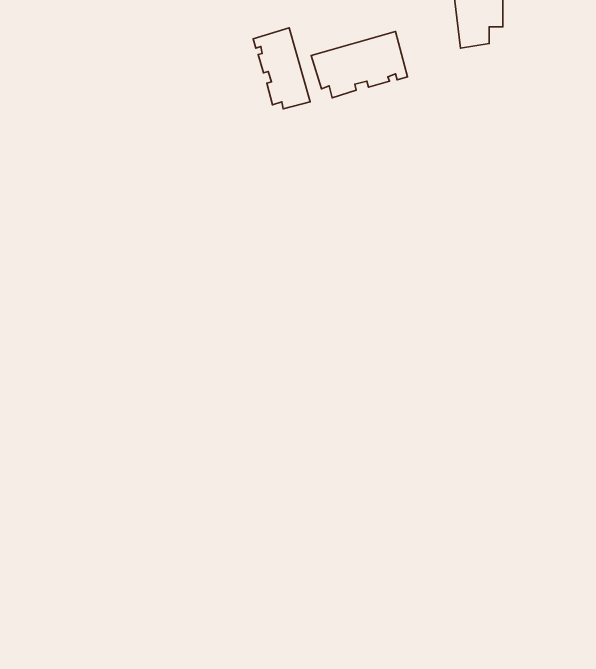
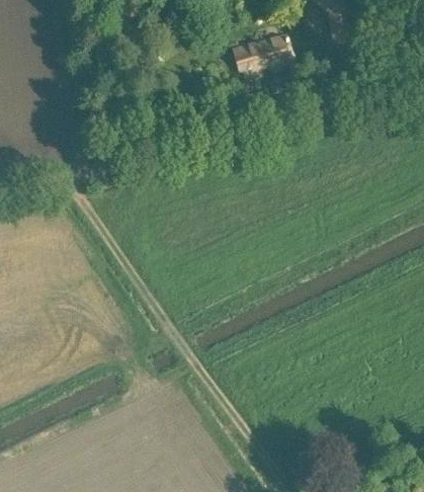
building: [253,28,310,109] -> none

